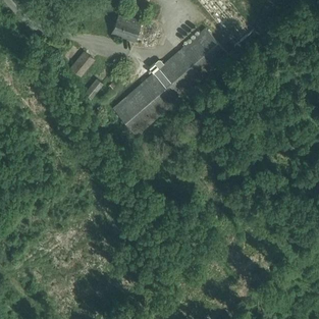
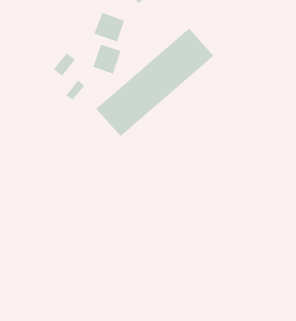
building: none -> [92,44,121,75]

